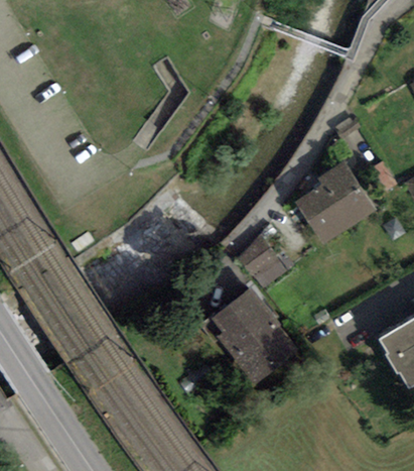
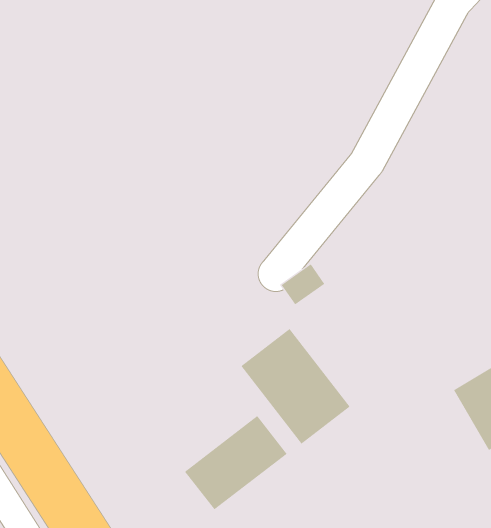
building: [298,169,374,239] -> none
building: none -> [184,415,287,510]

